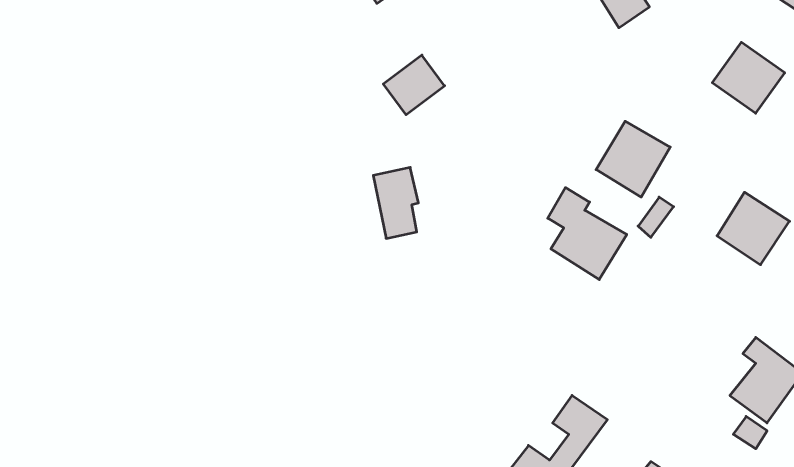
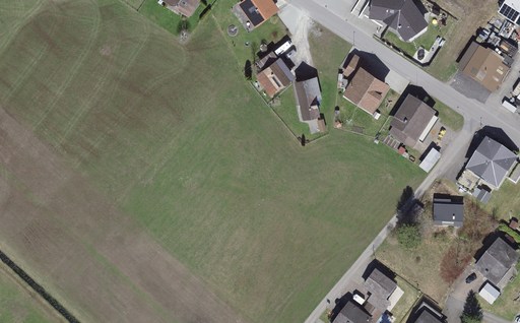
building: [373,167,418,238] -> [292,76,321,121]
building: [548,188,627,280] -> [341,55,391,113]
building: none -> [433,202,464,224]

